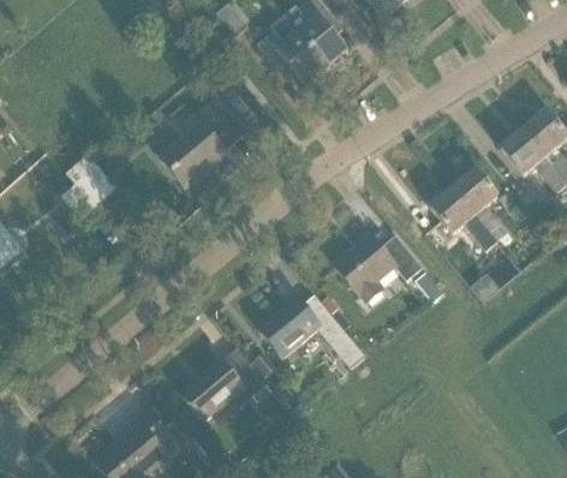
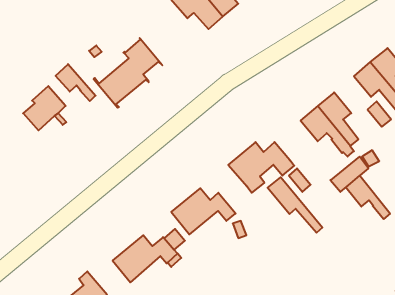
building: none -> [56,64,96,101]
building: none -> [346,175,390,219]
building: none -> [268,177,322,233]

